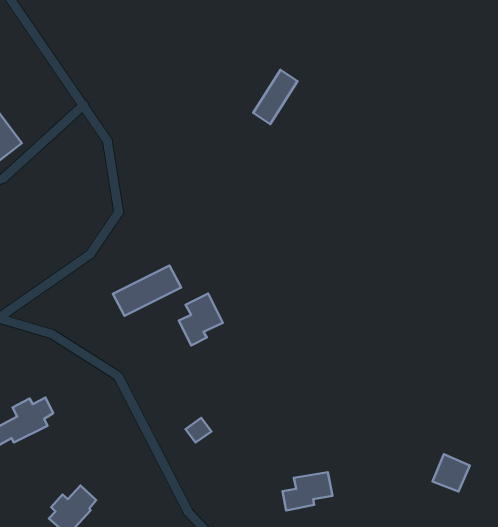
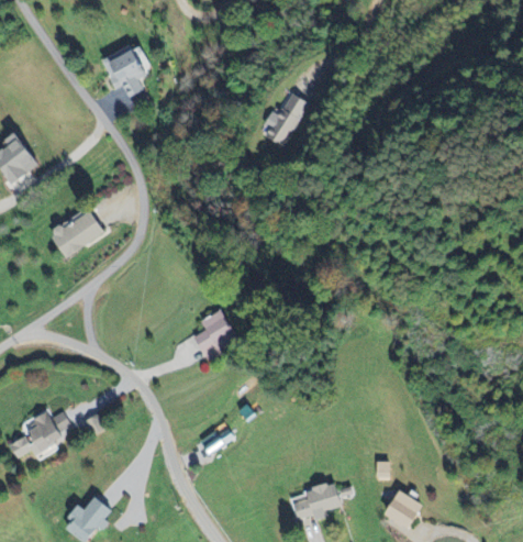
building: none -> [100,44,148,98]
building: none -> [51,209,104,256]
building: [113,266,181,316] -> none
building: [433,454,470,492] -> [387,491,423,528]

